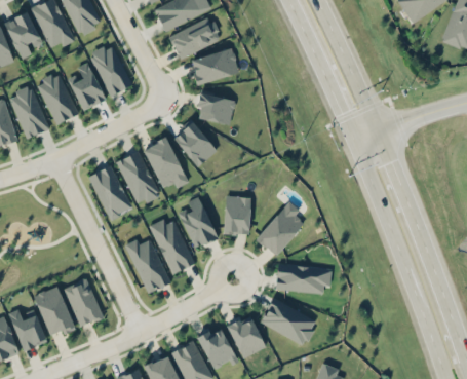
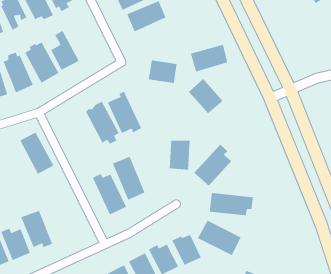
building: [90,42,135,96] -> none
building: [189,48,238,85] -> [190,44,228,73]
building: [171,121,217,167] -> [188,78,223,114]
building: [88,163,133,219] -> [19,131,54,175]
building: [179,197,217,249] -> none
building: [64,279,103,327] -> none

